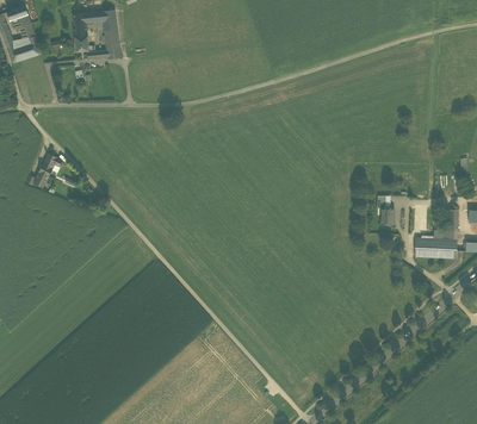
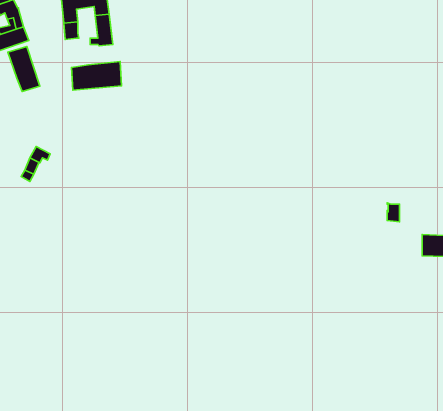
building: none -> [8,47,40,91]
building: none -> [71,62,122,90]

